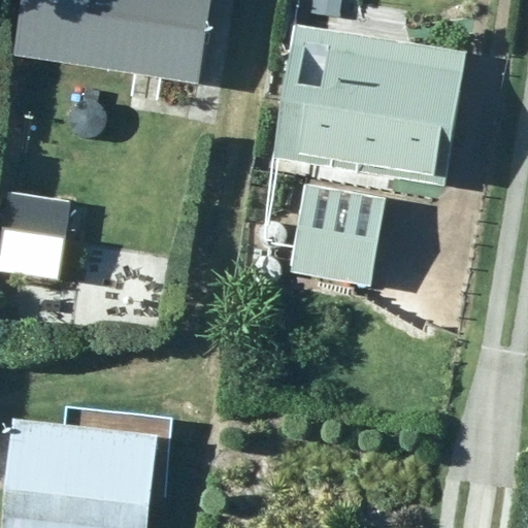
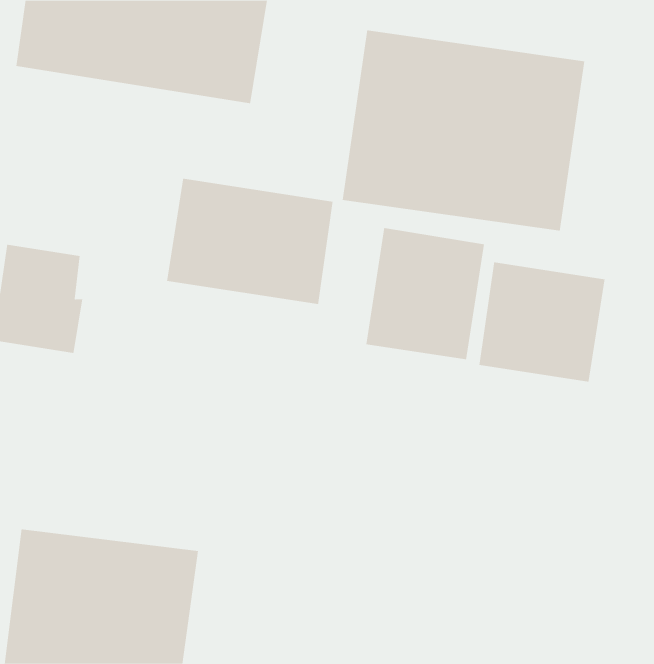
building: none -> [167,178,333,305]
building: none -> [479,262,605,382]

